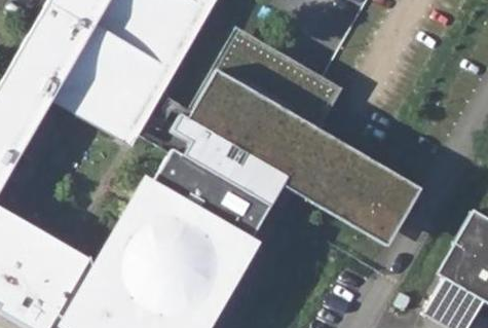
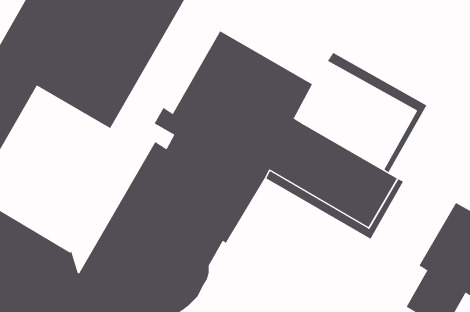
building: [188,27,345,132] -> none
building: none -> [327,52,427,173]

